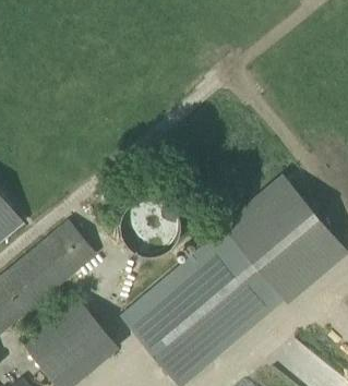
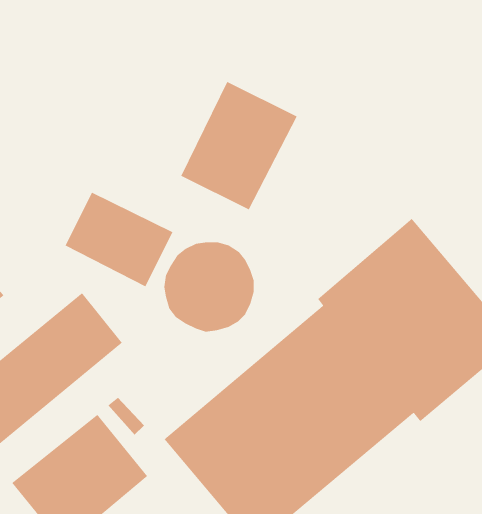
building: none -> [180,81,298,210]
building: none -> [65,191,174,288]

